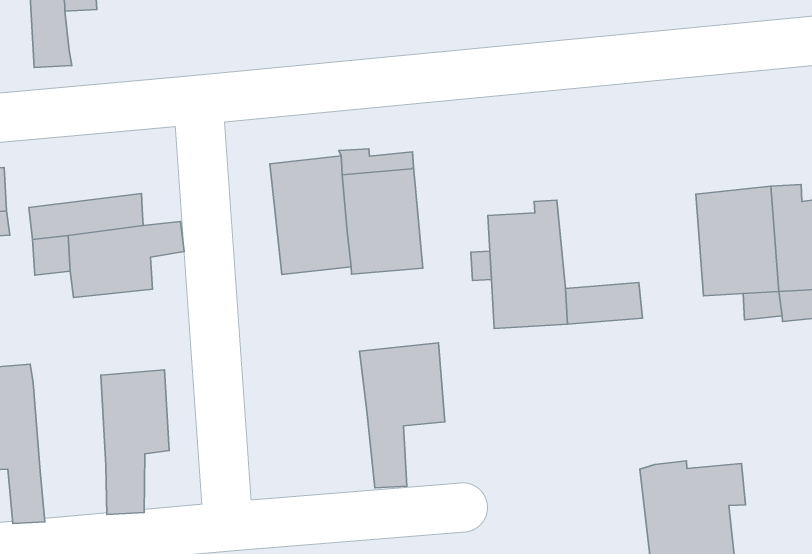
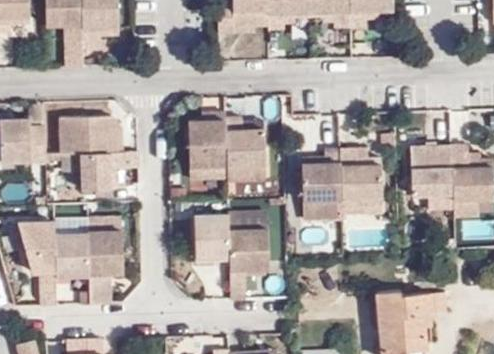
building: none -> [59,113,119,138]
building: none -> [339,149,380,197]
building: none -> [194,207,232,257]
building: none -> [56,229,92,278]

